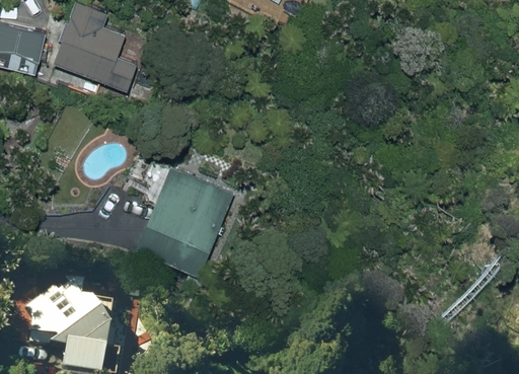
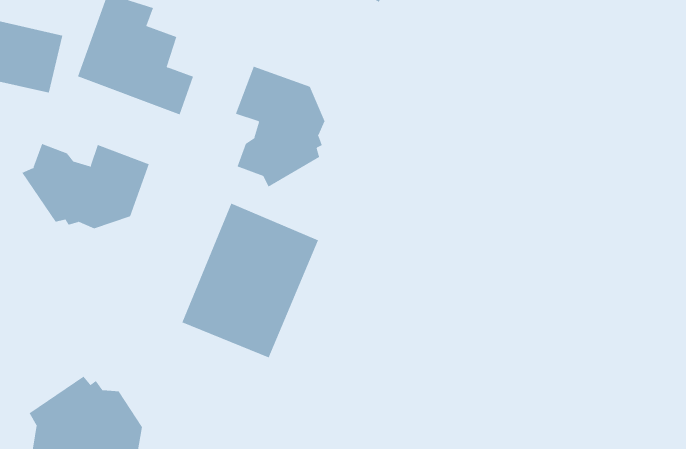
building: none -> [235,66,325,187]
building: none -> [21,143,149,229]

